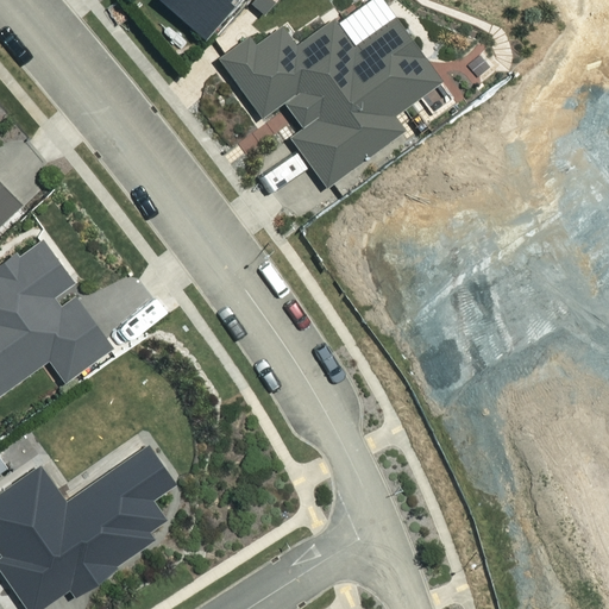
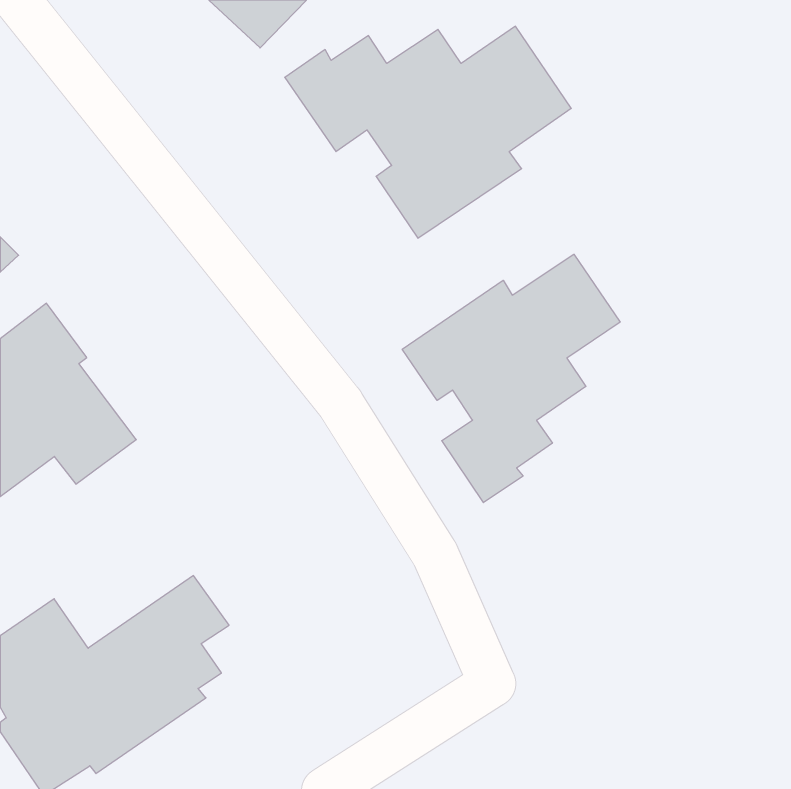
building: none -> [402,254,620,503]

